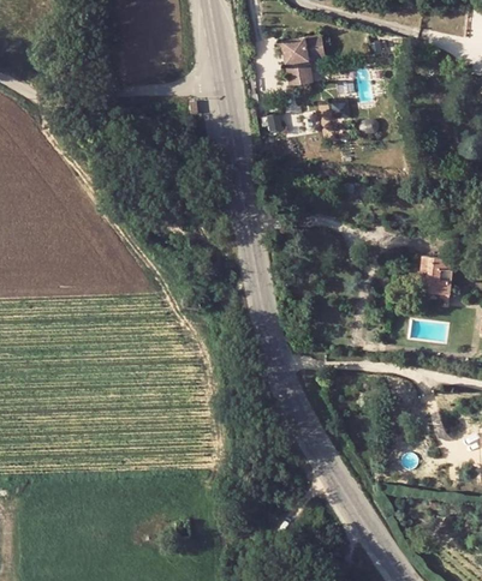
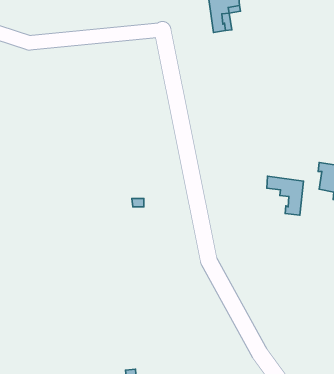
building: none -> [267,176,303,215]

